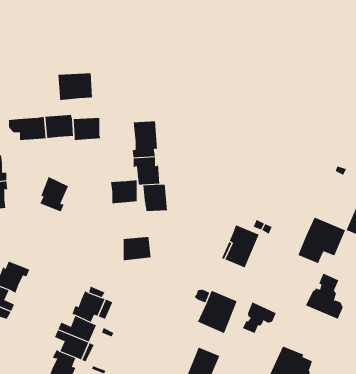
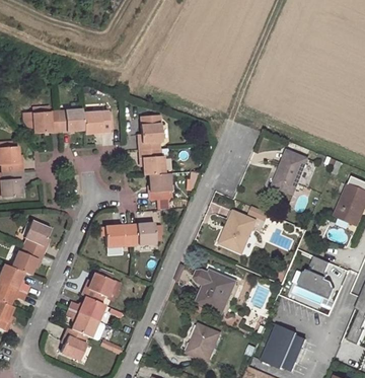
building: [58,72,93,101] -> none
building: [39,176,69,212] -> [22,219,50,252]
building: [110,180,138,204] -> [103,224,129,246]
building: [298,217,346,264] -> [273,150,317,194]
building: [242,301,276,334] -> none

